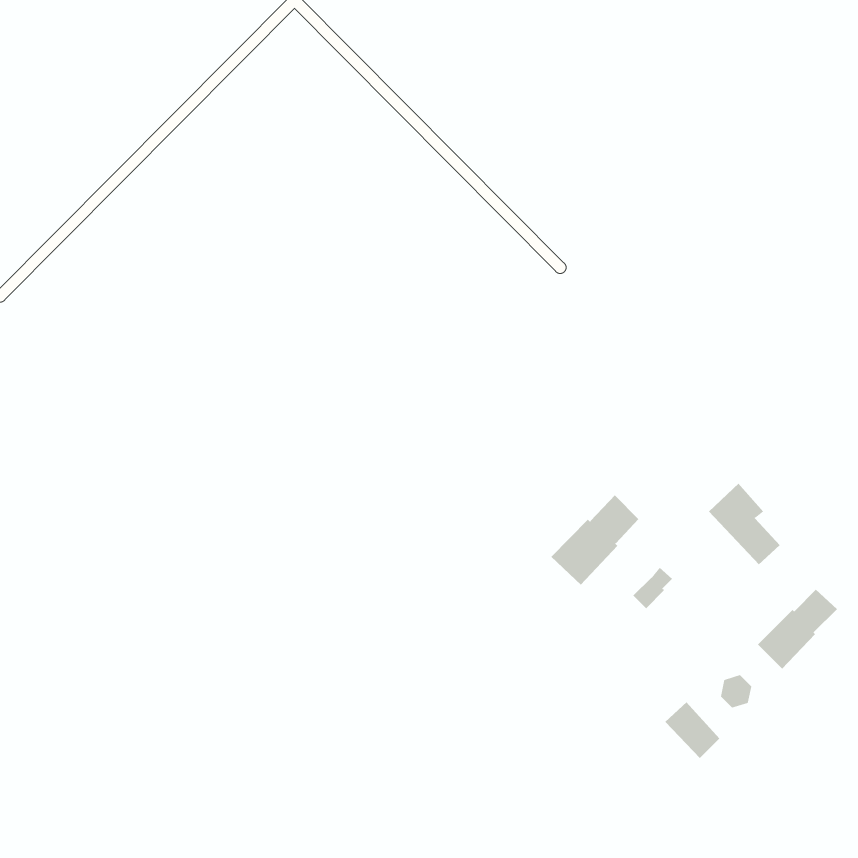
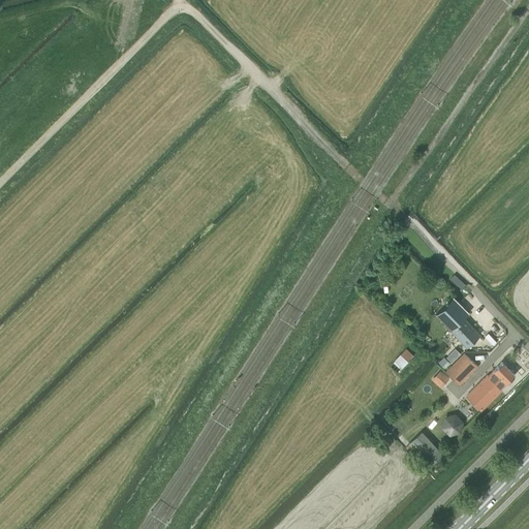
building: [550,494,639,585] -> none
building: none -> [445,353,477,384]

